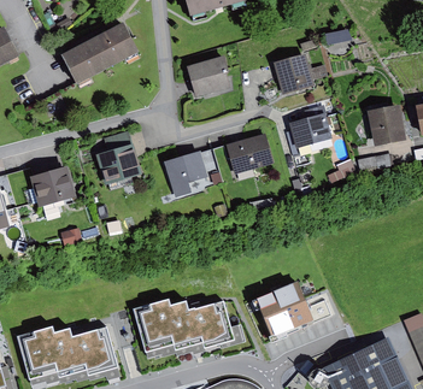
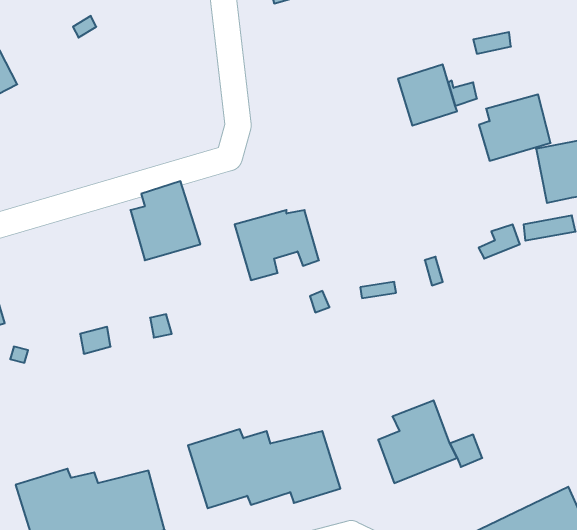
building: [57,29,135,90] -> none
building: [188,54,228,95] -> none
building: [284,113,333,158] -> [479,94,551,161]
building: [211,132,274,184] -> none
building: [30,164,76,206] -> none

